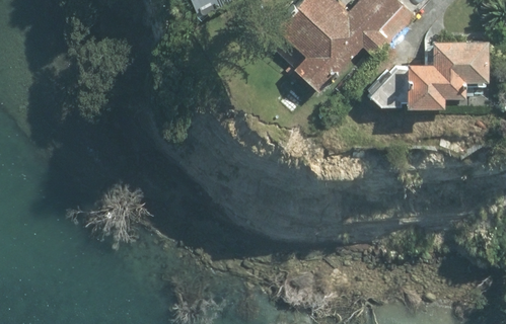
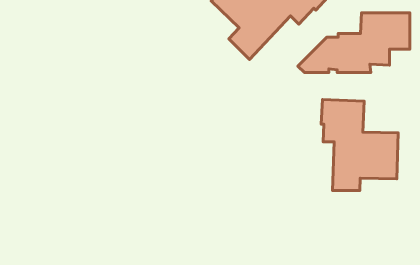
building: none -> [321,100,398,191]

